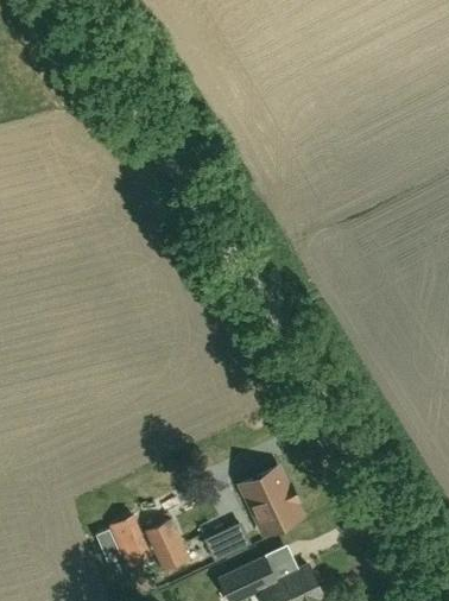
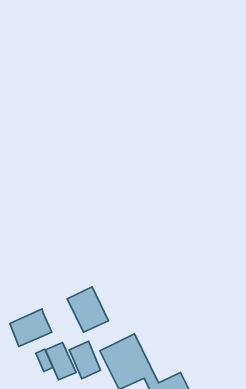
building: [241,468,302,534] -> [67,287,108,332]
building: none -> [10,309,52,346]

